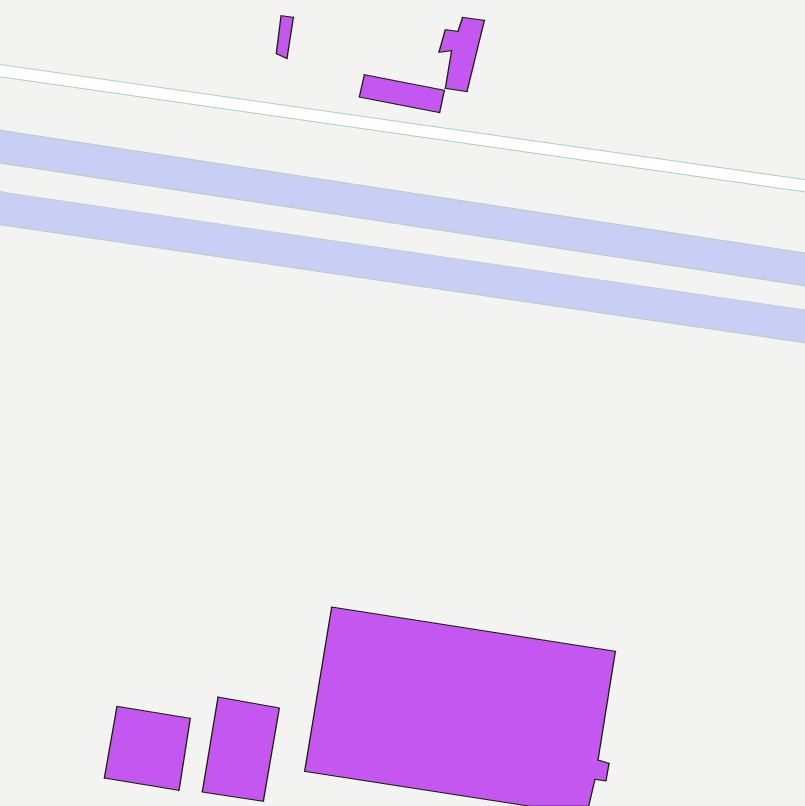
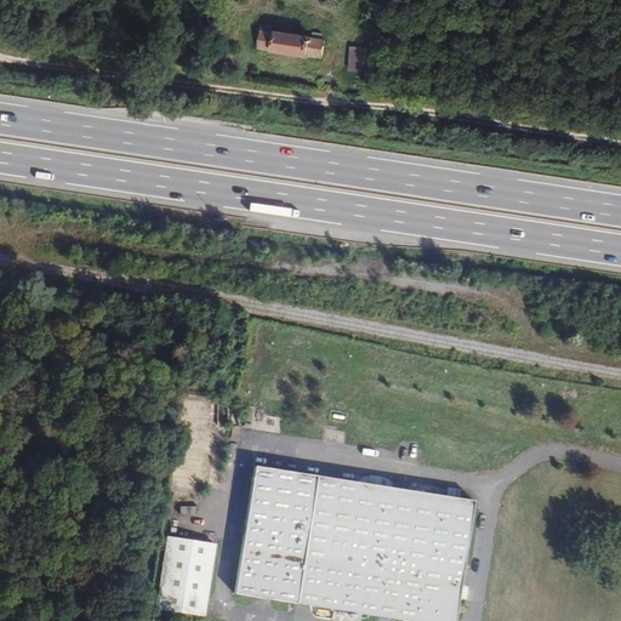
building: [359,75,445,113] -> [261,24,326,53]
building: [104,706,190,791] -> none

